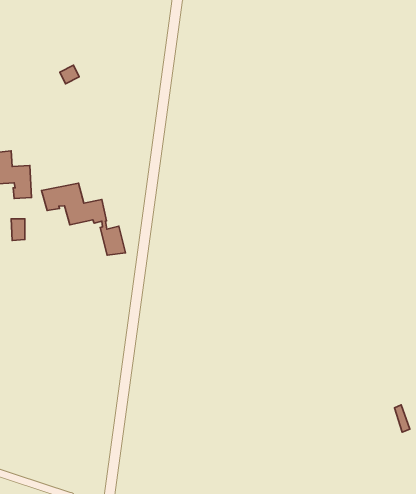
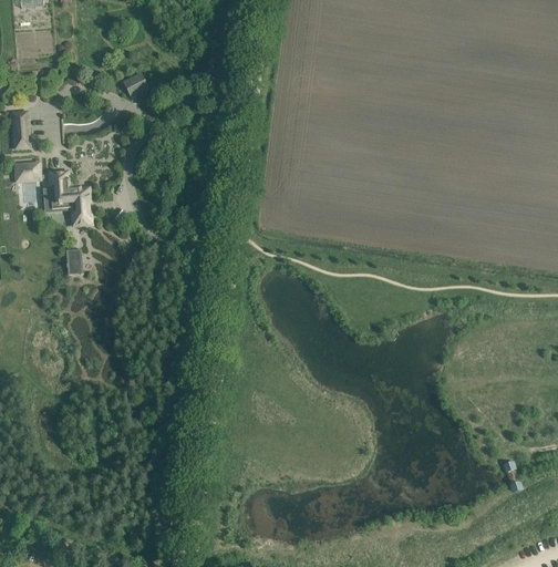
building: [42,183,125,255] -> none

